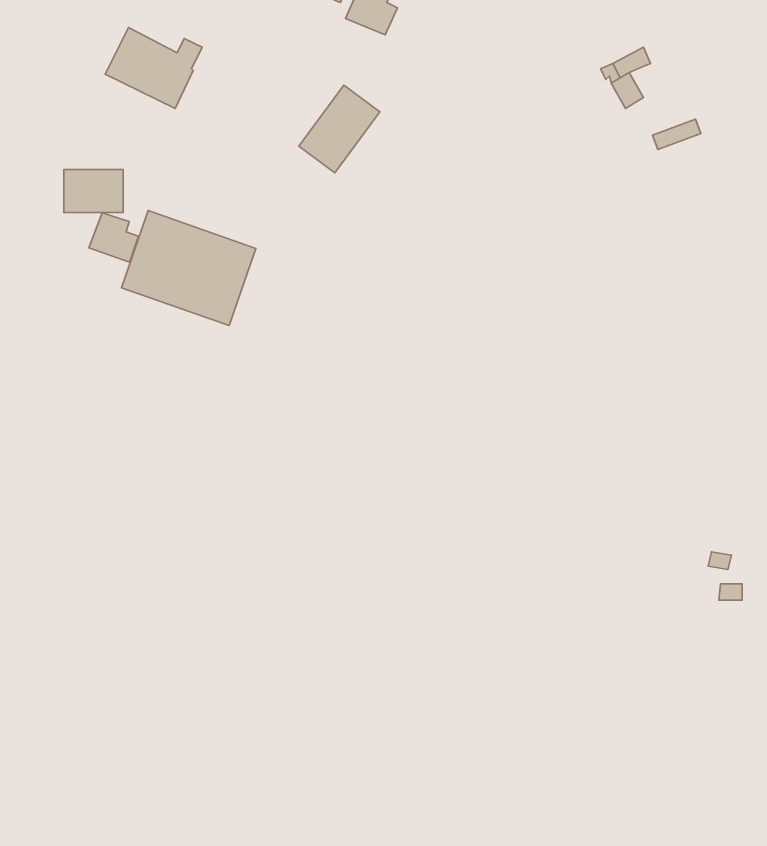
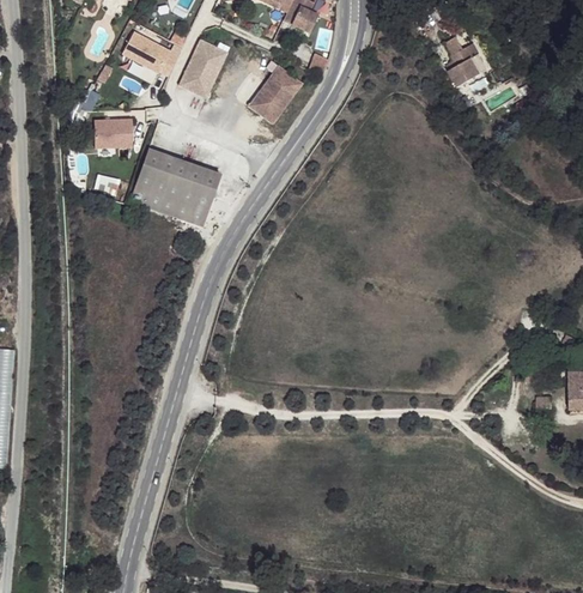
building: none -> [177,38,225,97]
building: [89,213,139,262] -> none

